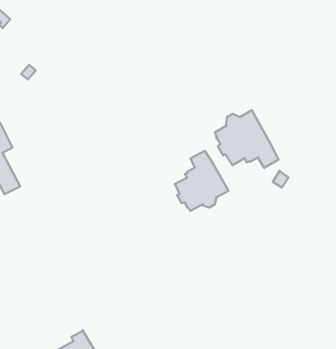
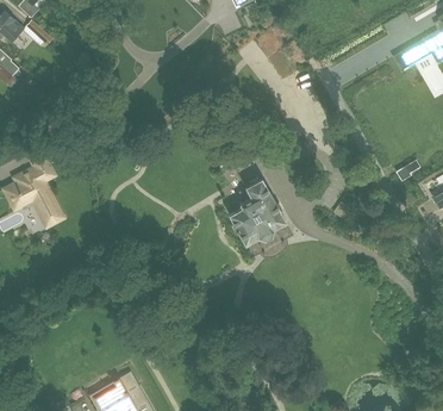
building: [215,110,278,168] -> none

